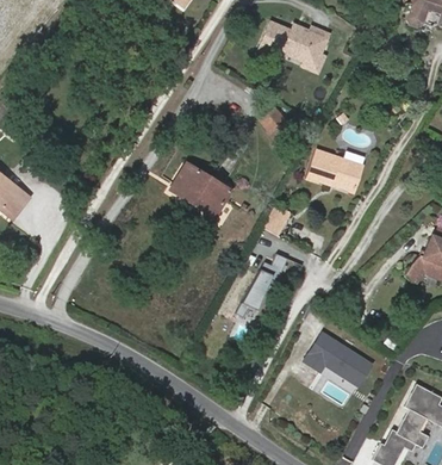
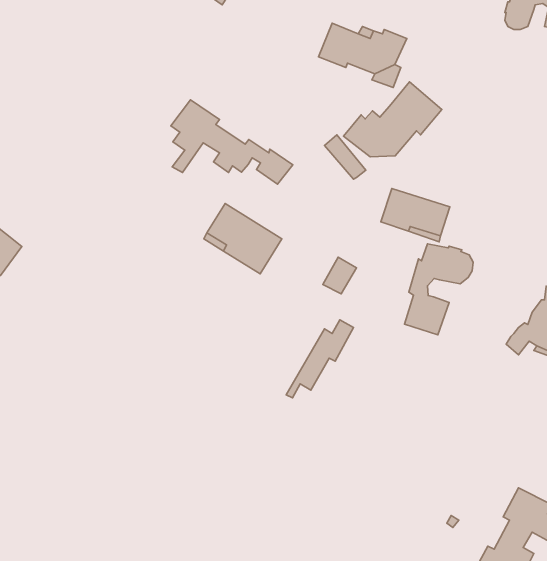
building: none -> [343,82,442,157]
building: none -> [171,100,293,184]
building: none -> [404,244,473,335]
building: [304,331,372,385] -> none

